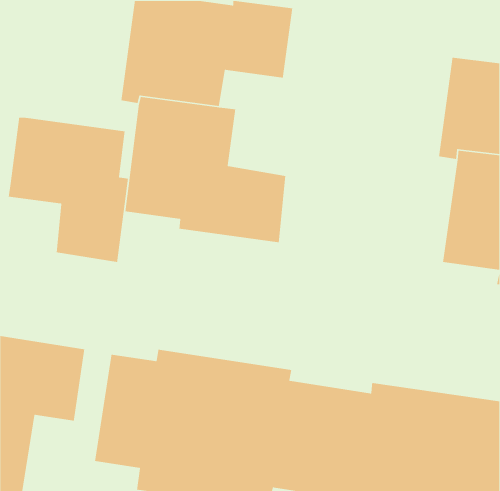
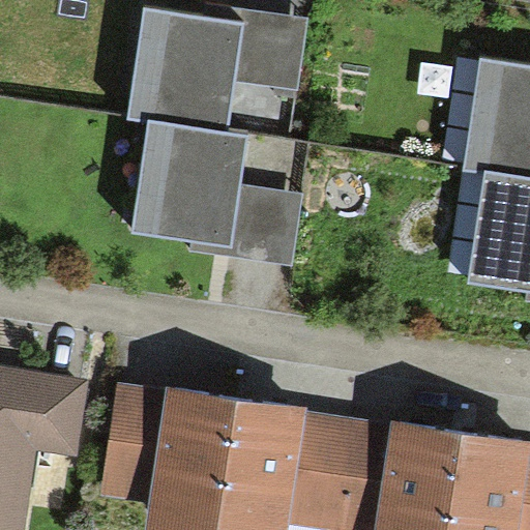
building: [8,117,129,263] -> none

